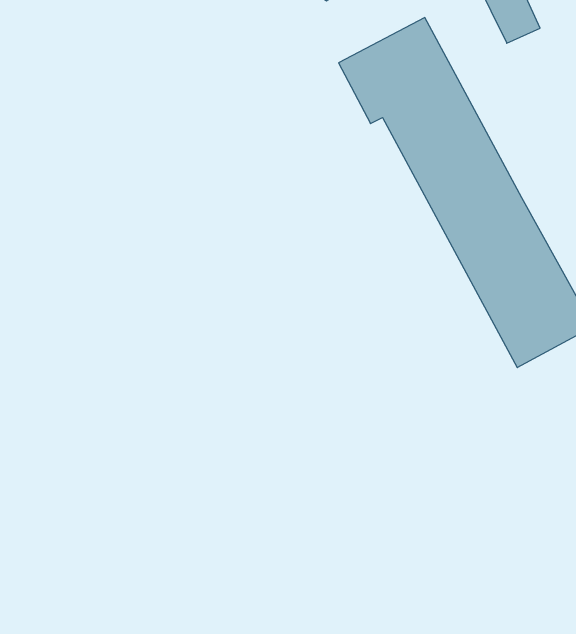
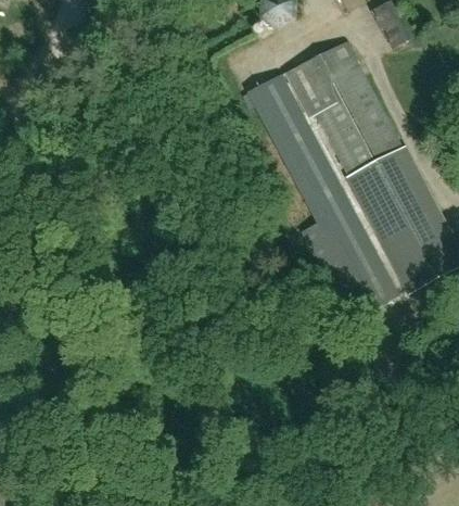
building: none -> [246,74,396,318]

